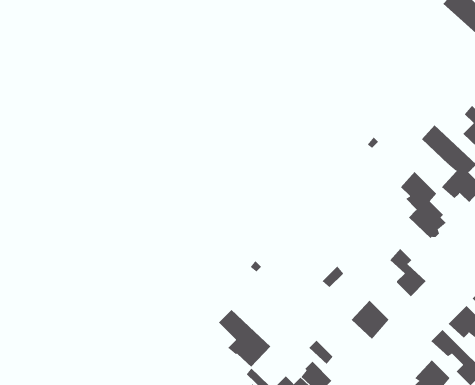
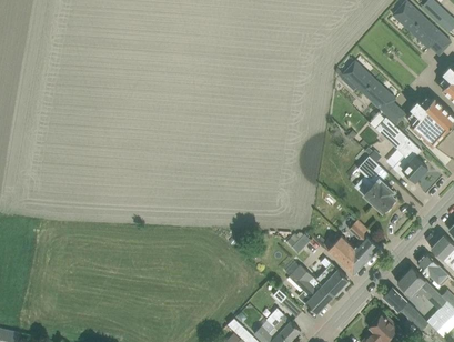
building: none -> [342,61,405,124]
building: none -> [322,235,365,274]
building: [218,309,271,368] -> [289,265,333,314]

